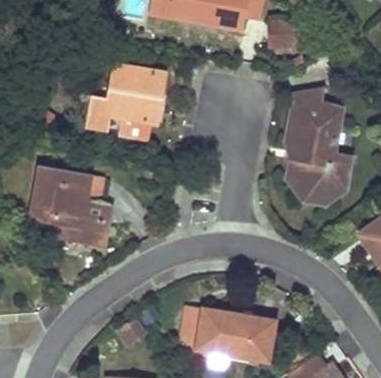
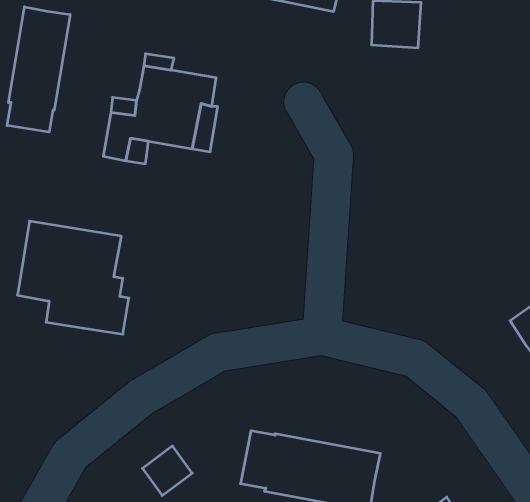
building: none -> [7,7,70,132]
building: [287,96,349,203] -> none

